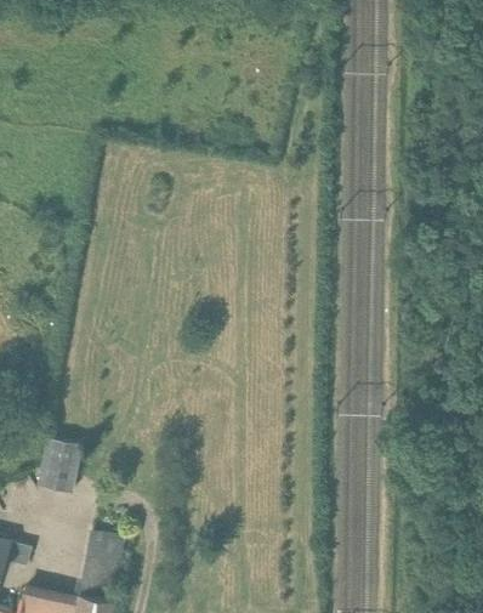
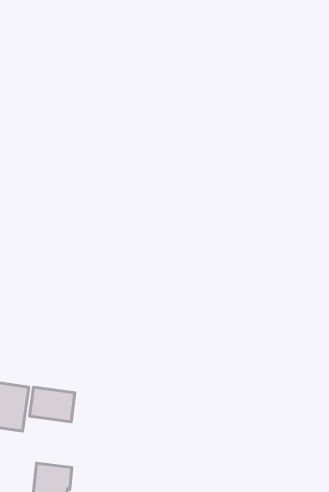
building: none -> [30,387,75,422]

